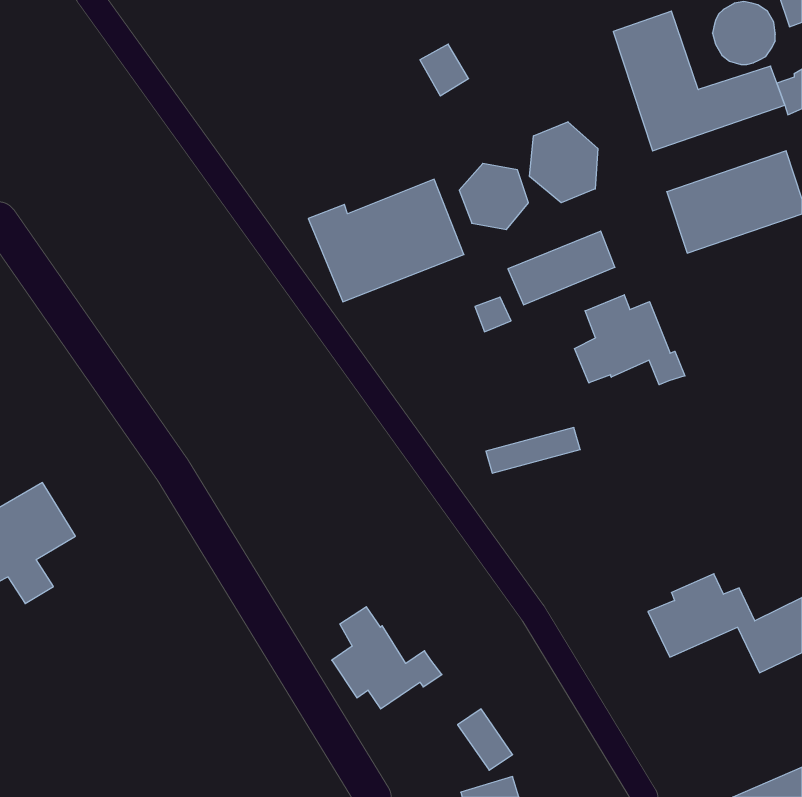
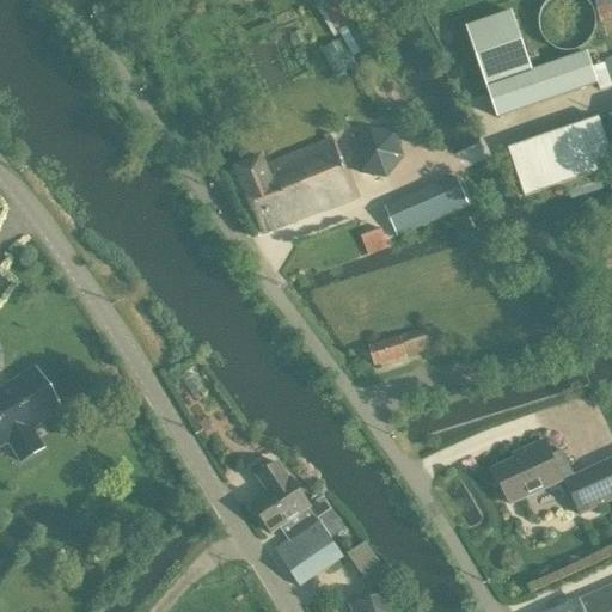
building: [529,122,598,203] -> none
building: [575,295,685,385] -> none
building: none -> [276,519,343,583]

